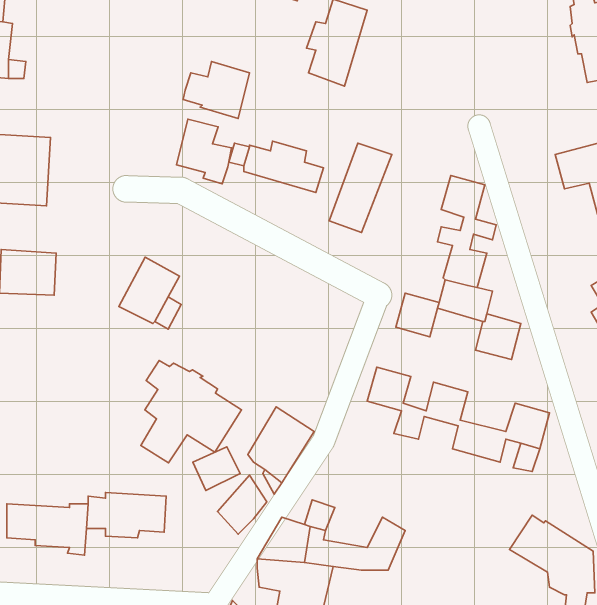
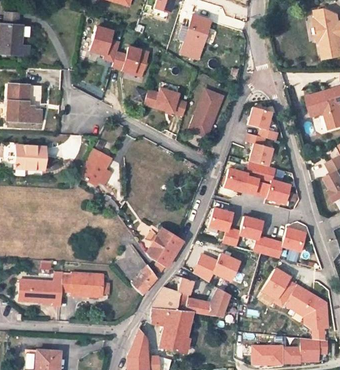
building: [177,119,232,184] -> [89,27,118,61]
building: [141,360,242,463] -> none
building: none -> [195,255,241,286]
building: none -> [262,267,296,306]

